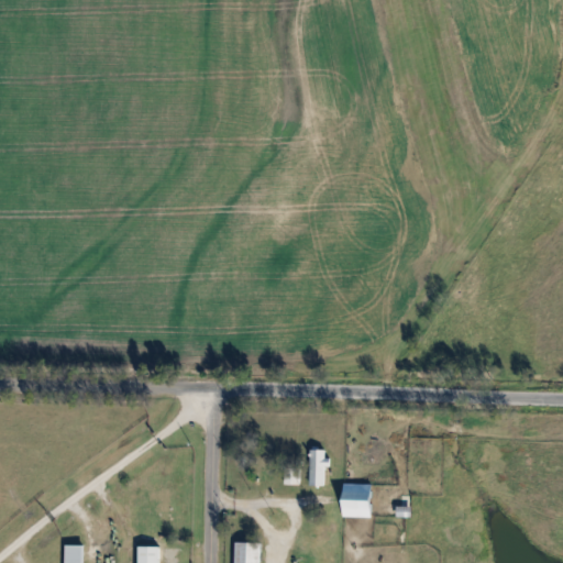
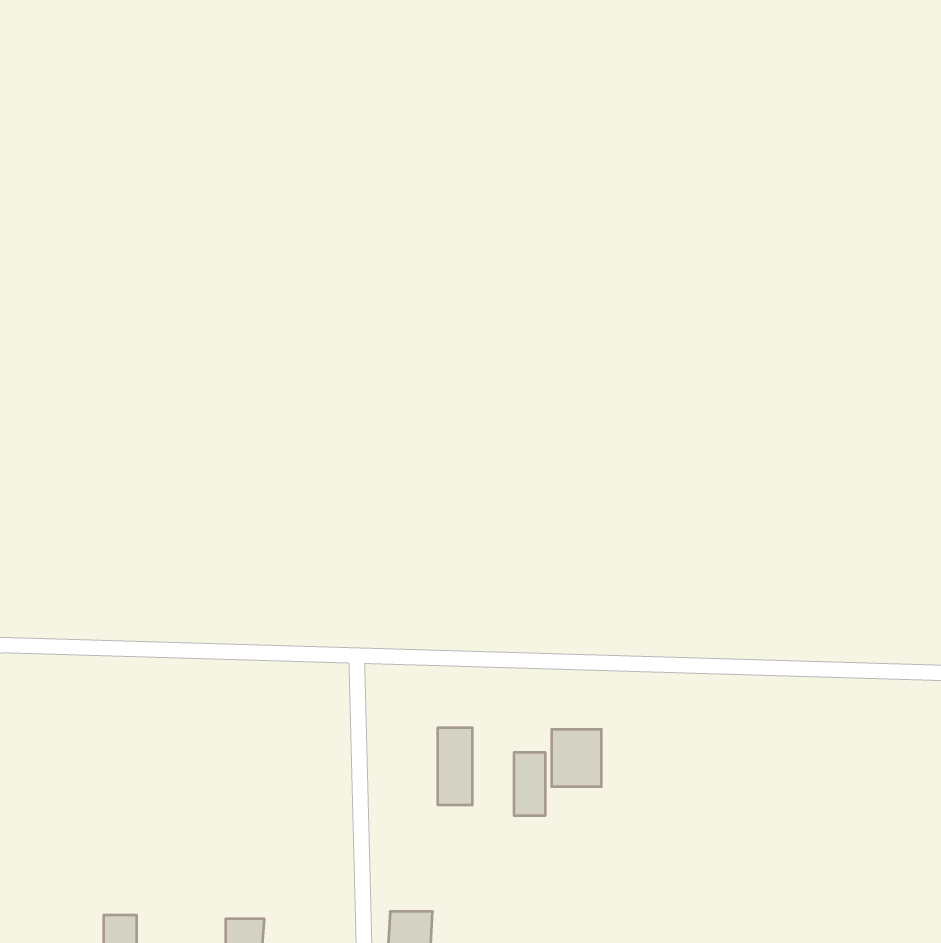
building: none -> [438,728,472,805]
building: [341,484,371,518] -> [552,729,601,787]

